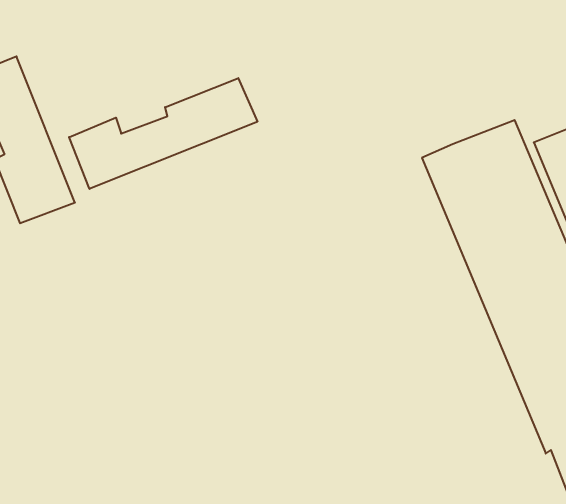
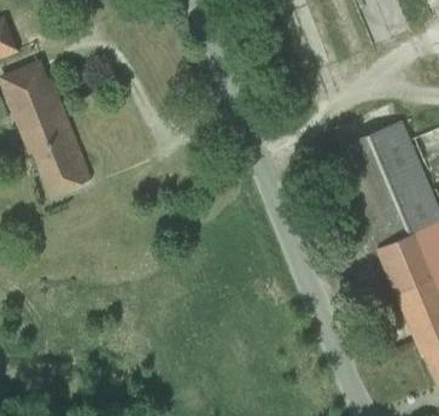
building: [69,78,257,189] -> none

